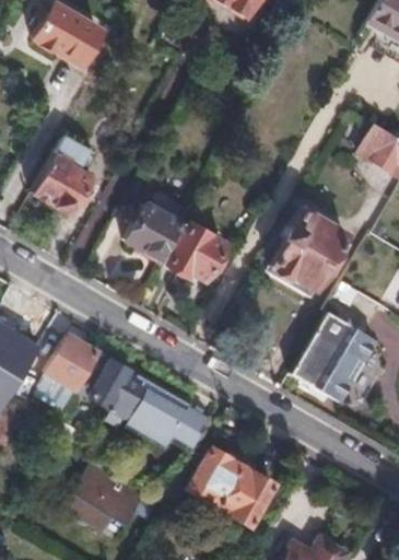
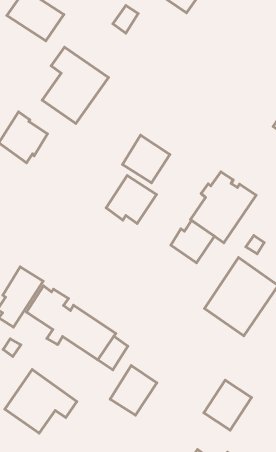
building: none -> [42,47,109,124]
building: [126,202,181,258] -> [122,135,170,183]
building: none -> [171,220,215,263]
building: [216,465,272,524] -> [204,380,251,430]

